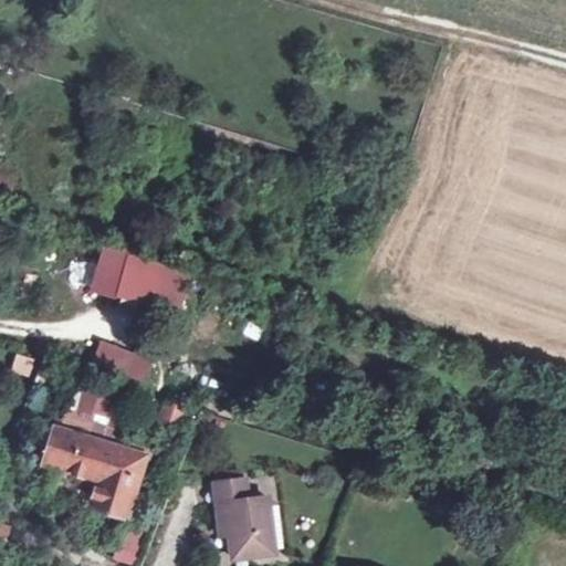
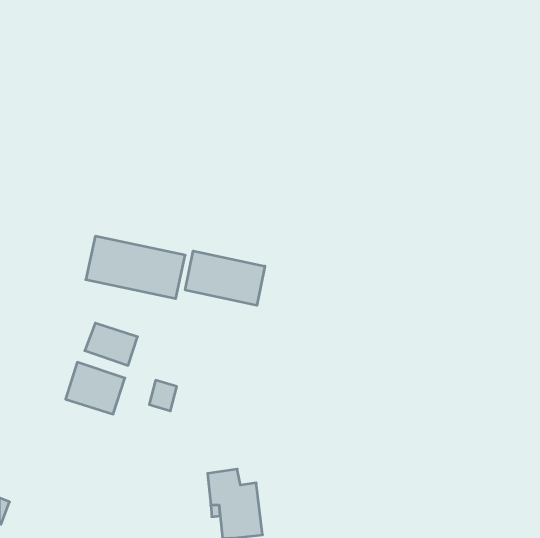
building: none -> [185,251,265,305]
building: [45,426,145,515] -> none

